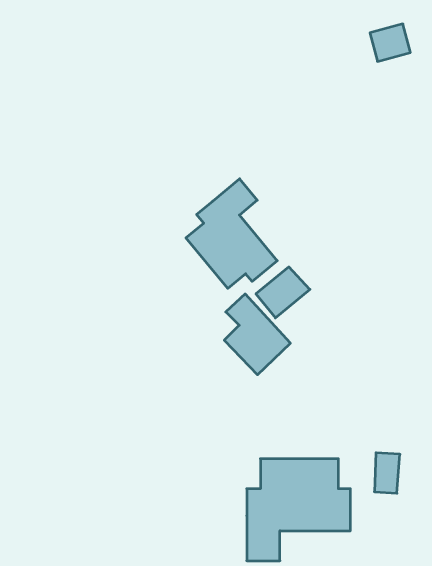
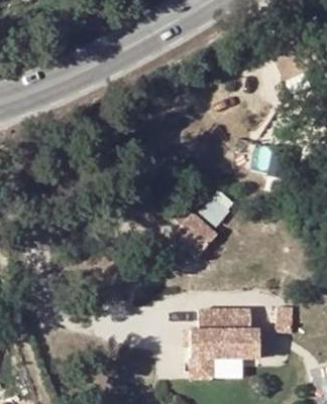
building: [186,179,277,288] -> none

